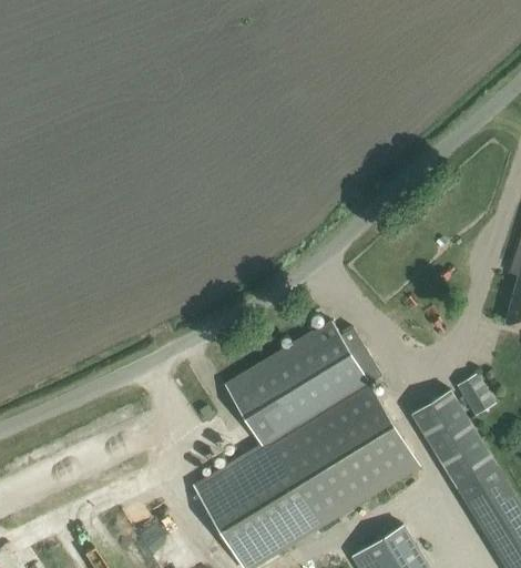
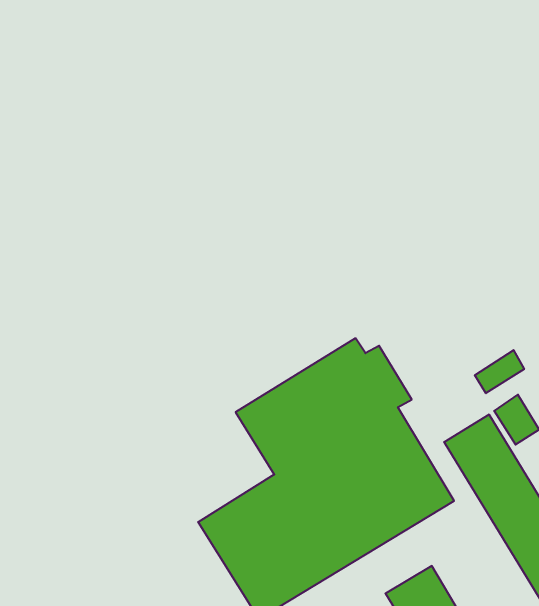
building: none -> [475,350,524,393]

